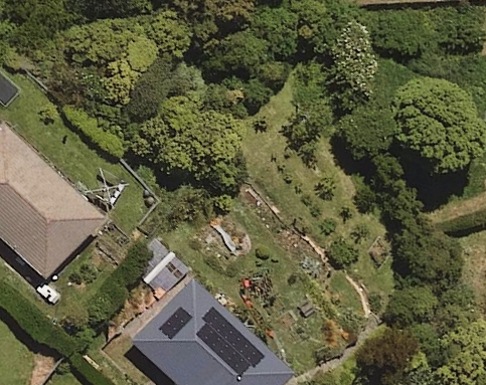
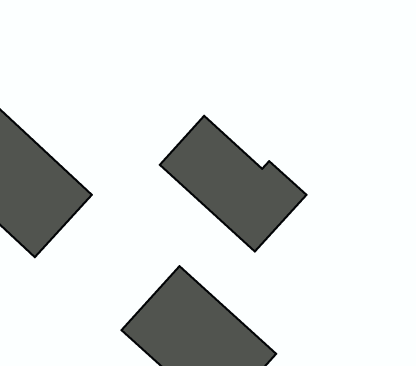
building: none -> [160,116,306,251]

